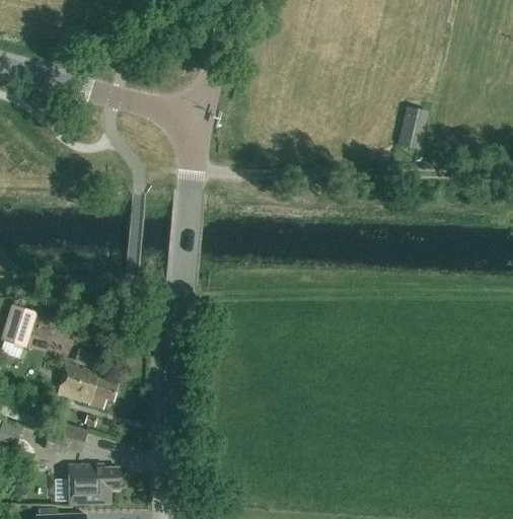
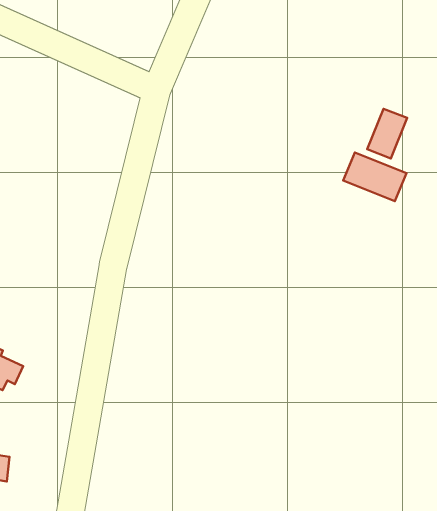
building: none -> [343,152,406,201]

